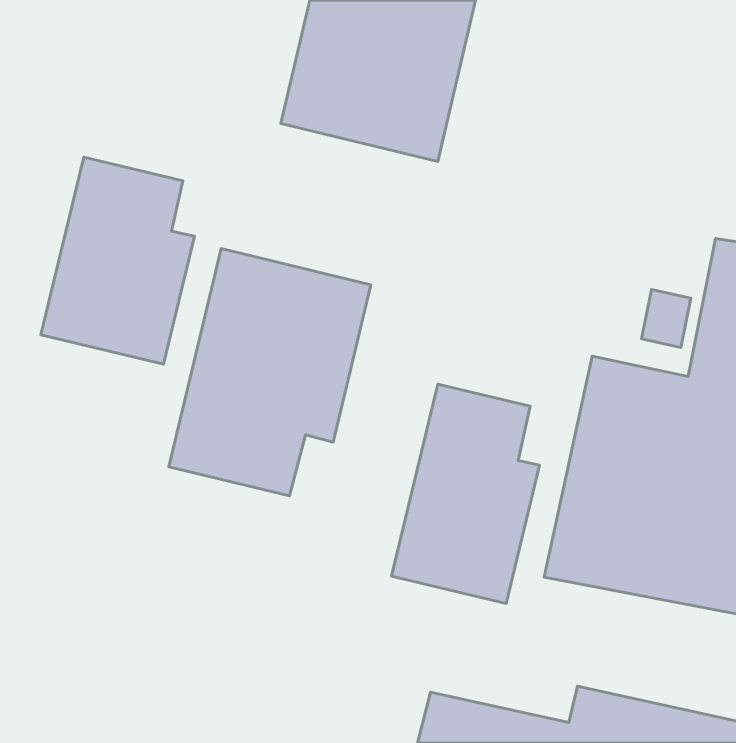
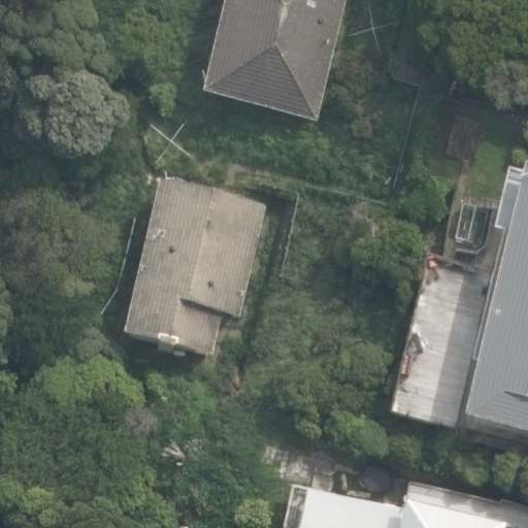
building: [41,157,195,364] -> none
building: [392,384,539,604] -> none

